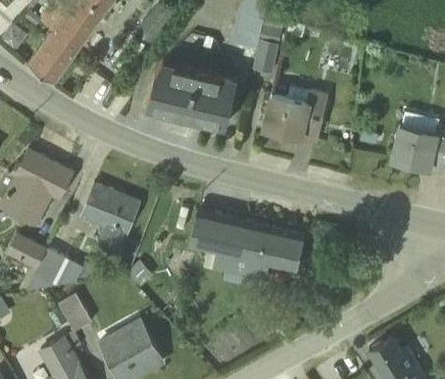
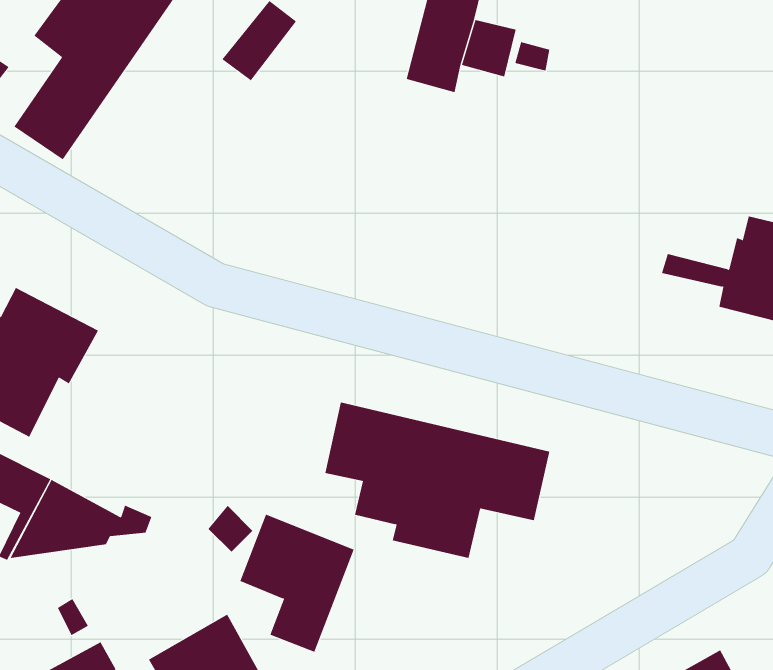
building: [253,41,281,76] -> none
building: [146,59,237,127] -> none
building: [264,84,329,141] -> none
building: [81,184,140,255] -> [240,514,354,653]
building: [58,293,91,330] -> none

